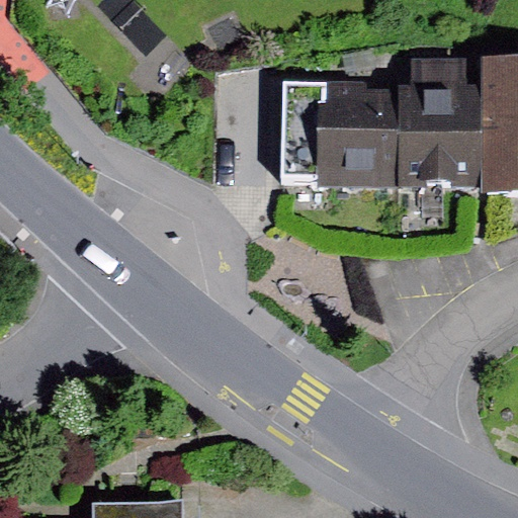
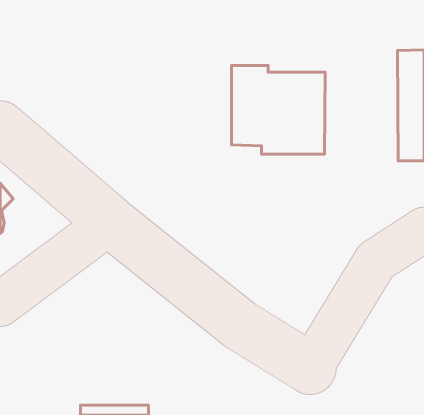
building: [396,59,478,189] -> none

